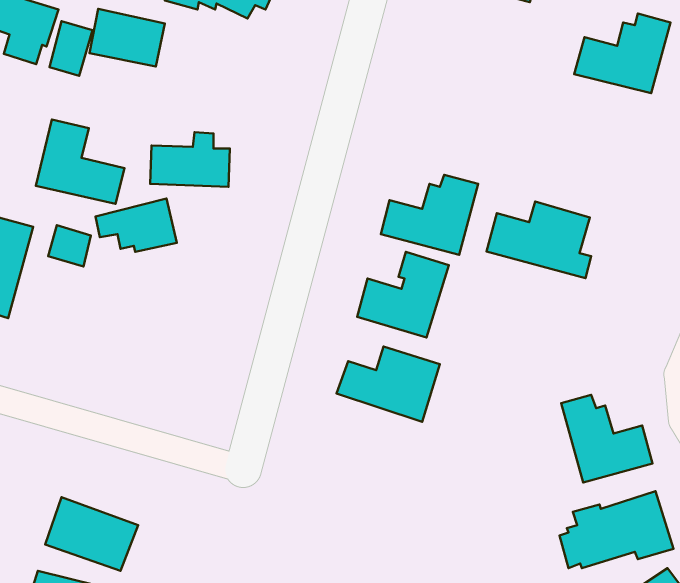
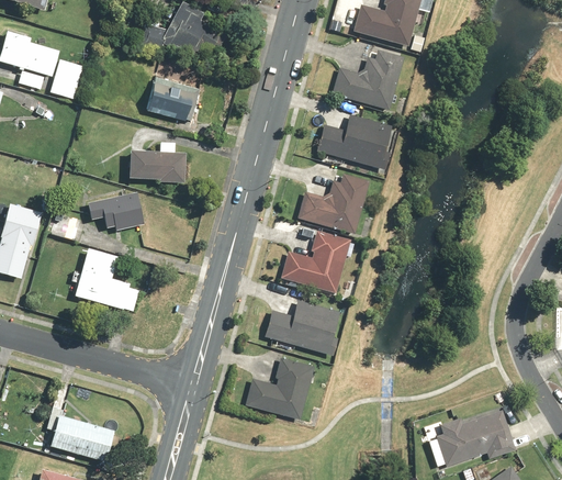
building: [89,9,165,66] -> [145,78,201,121]
building: [574,13,670,93] -> [331,48,403,108]
building: [36,119,124,204] -> [75,247,140,310]
building: [486,201,591,278] -> [314,113,392,170]
building: [561,395,652,482] -> none
building: none -> [245,358,316,422]

